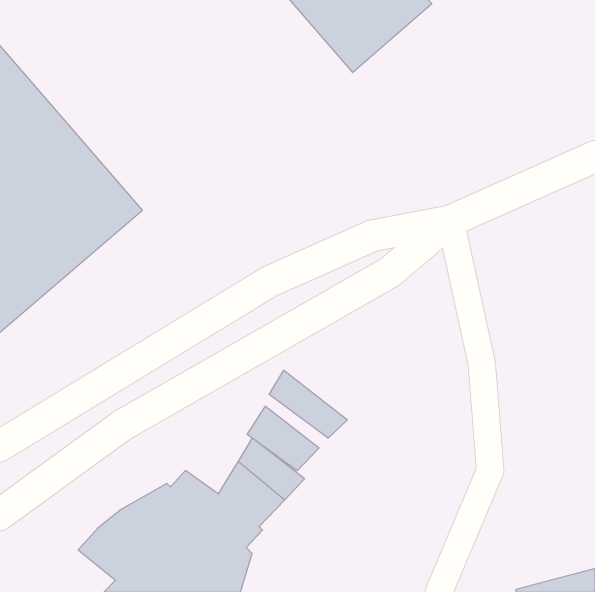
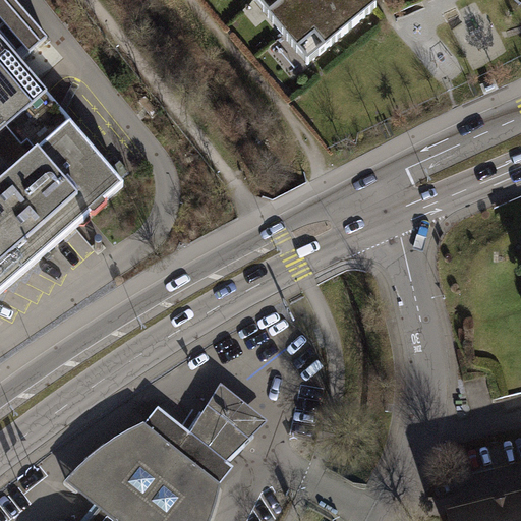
building: [269,370,347,438] -> none
building: [247,406,319,471] -> none

